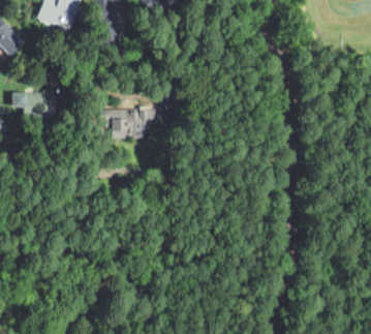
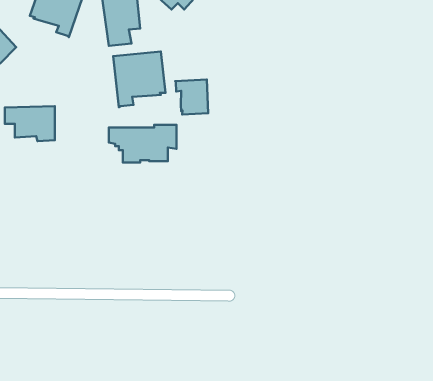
building: none -> [113,52,165,107]
building: none -> [175,80,208,114]

